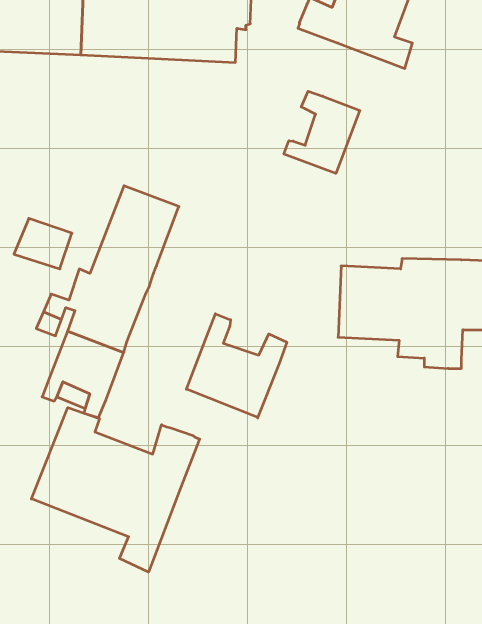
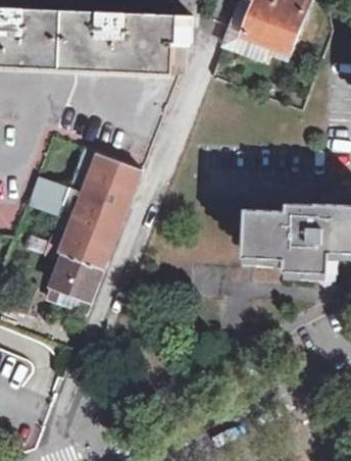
building: [284,91,360,173] -> none
building: [186,314,287,418] -> none
building: [31,408,200,572] -> none

